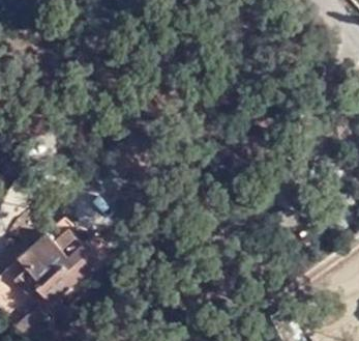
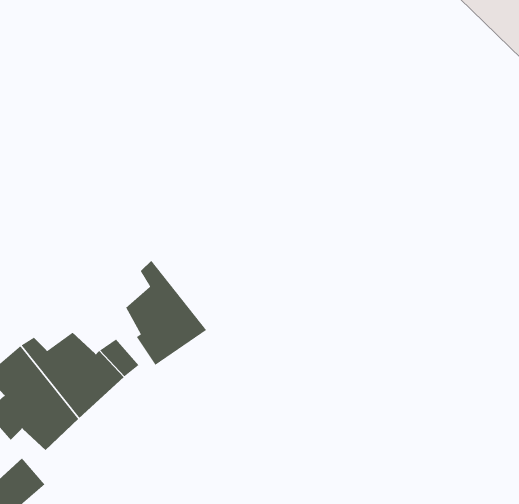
building: none -> [125,260,207,366]

